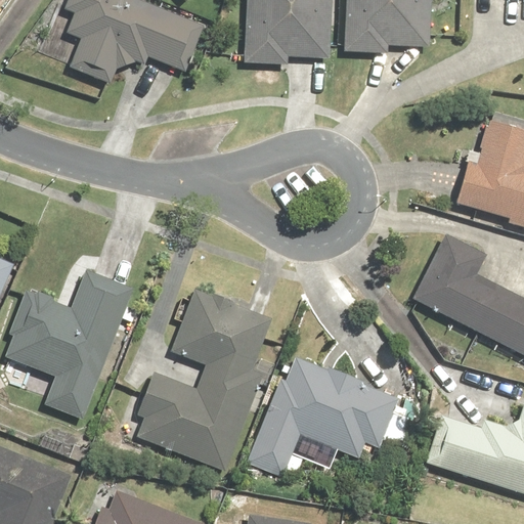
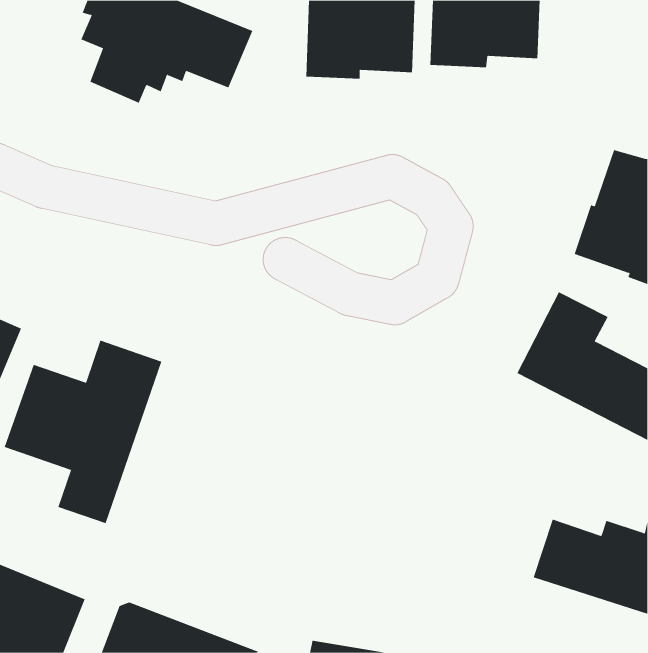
building: [136,290,271,472] -> none
building: [248,356,409,477] -> none

